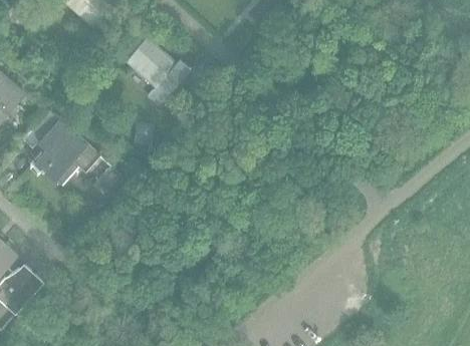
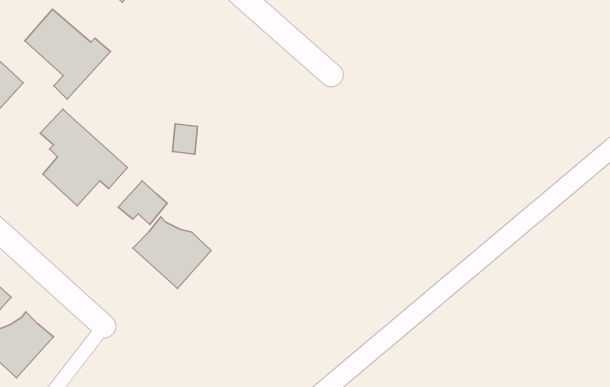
building: [126,38,191,106] -> [25,9,111,99]
building: none -> [133,217,211,289]

